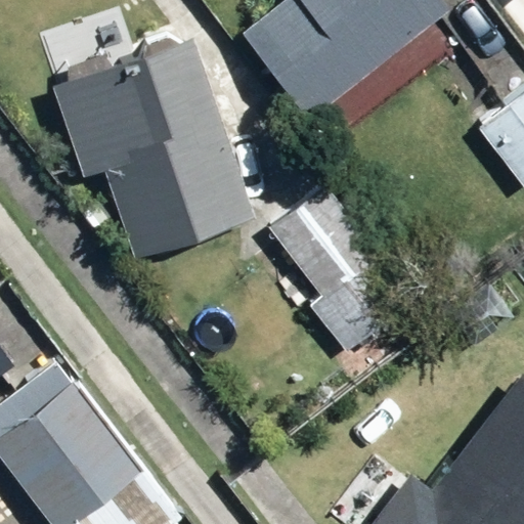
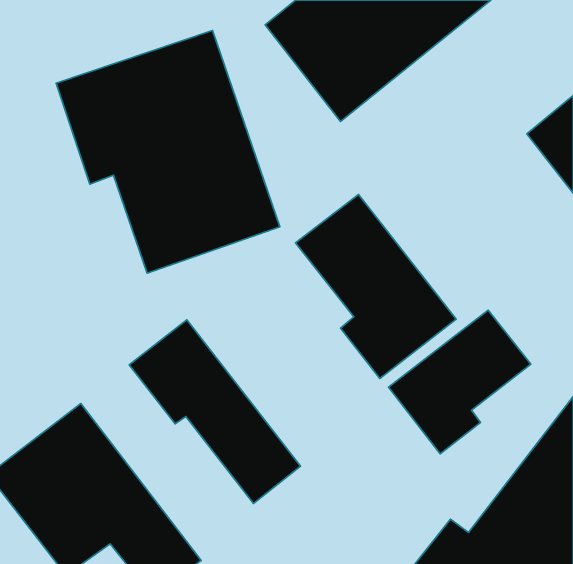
building: none -> [389,310,531,454]
building: none -> [129,320,301,504]

